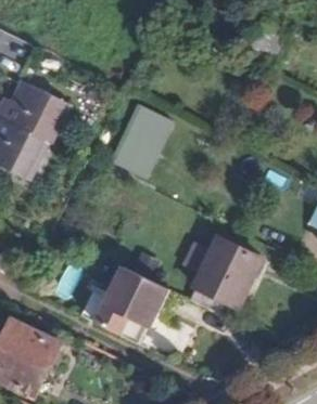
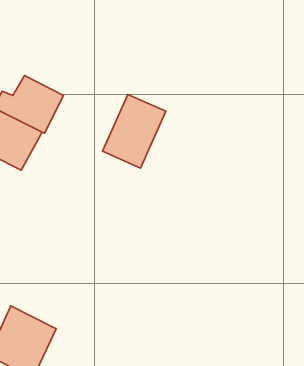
building: [193,236,263,308] -> none
building: [96,268,172,344] -> none

